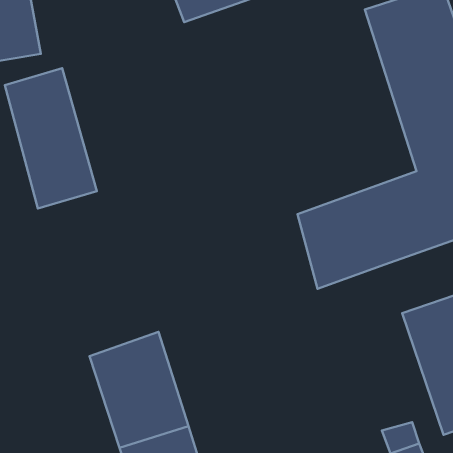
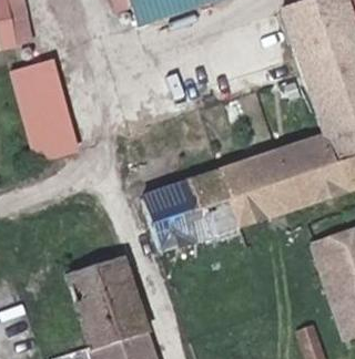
building: none -> [149,166,247,250]

